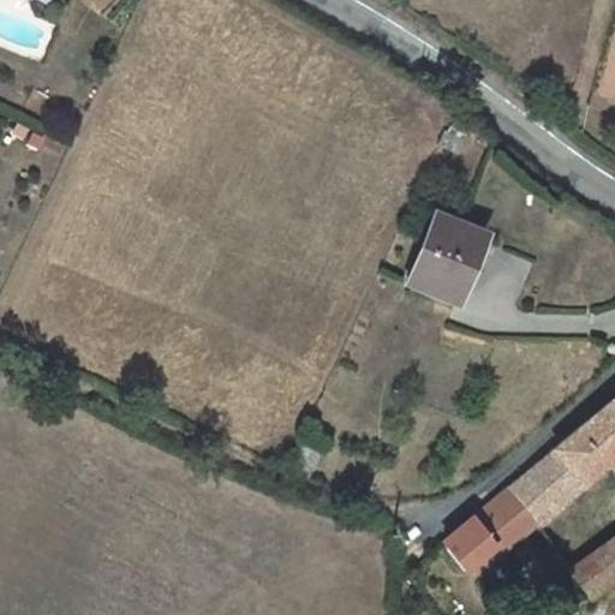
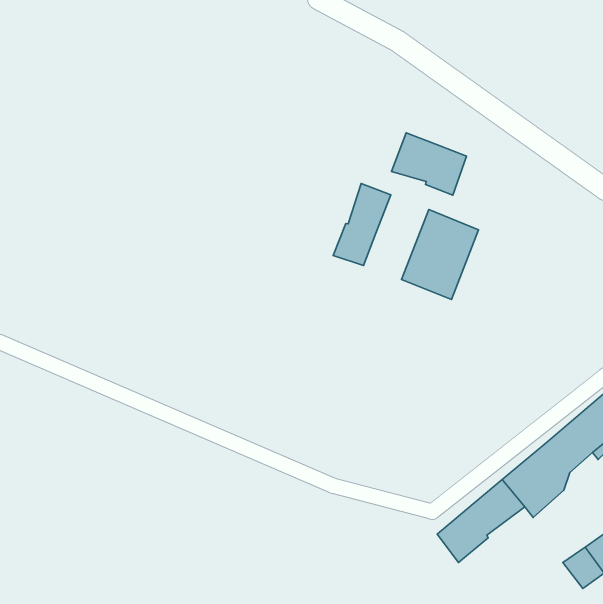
building: none -> [391,133,467,195]
building: none -> [333,184,391,265]

